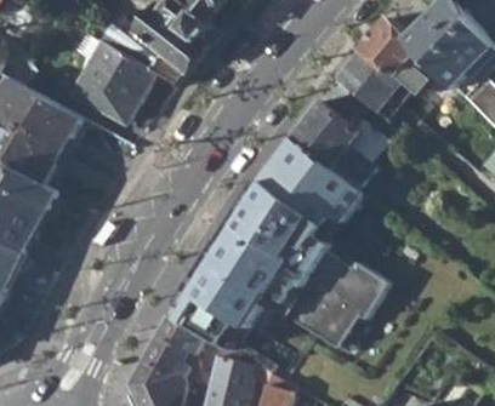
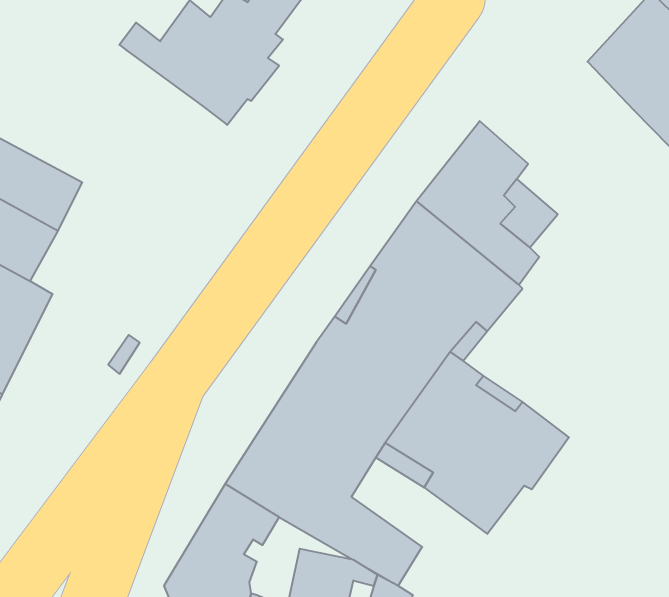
building: [332,21,433,113] -> none
building: [68,45,152,128] -> none

